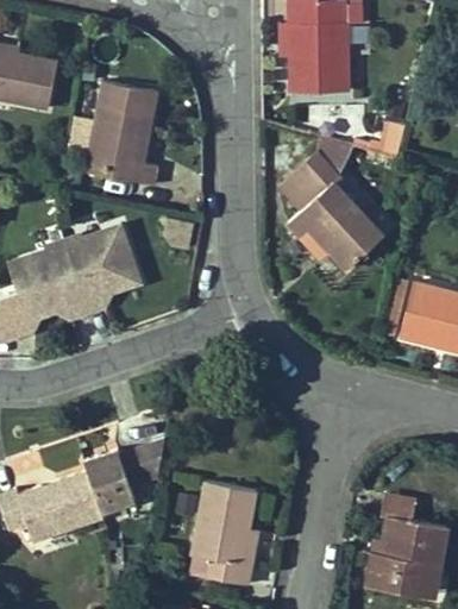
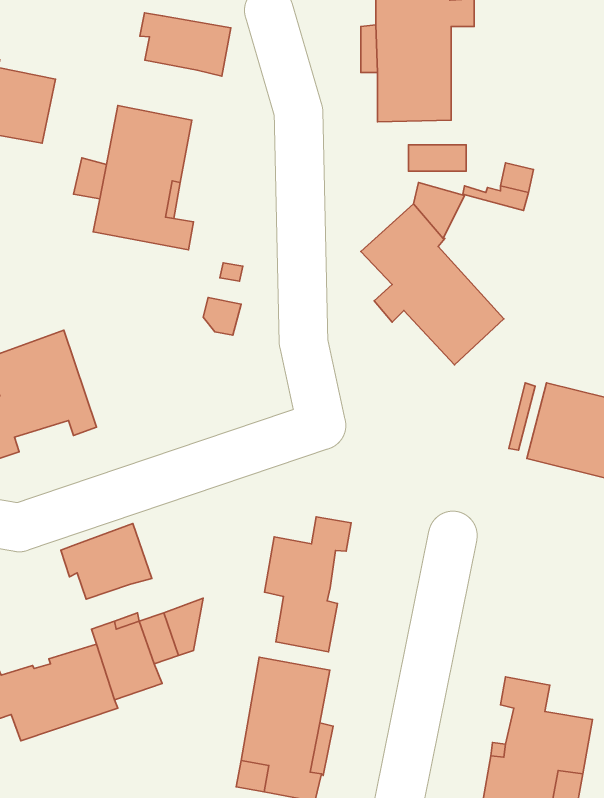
building: none -> [140,13,231,76]
building: [64,225,143,314] -> none
building: none -> [265,517,351,652]
building: none -> [61,524,152,599]

